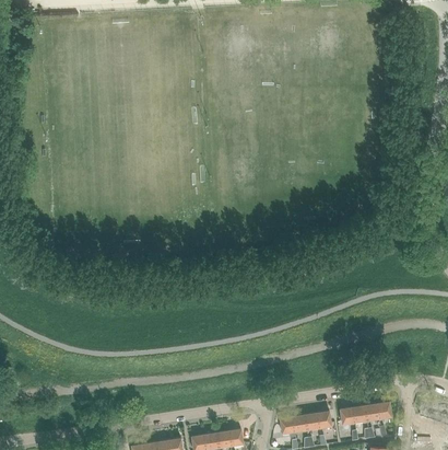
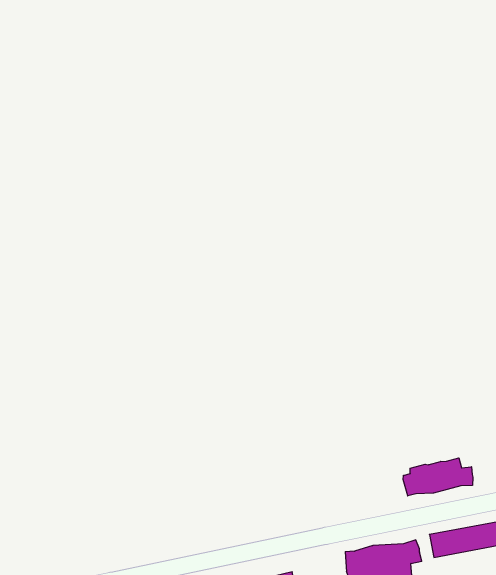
building: none -> [403,458,473,496]

